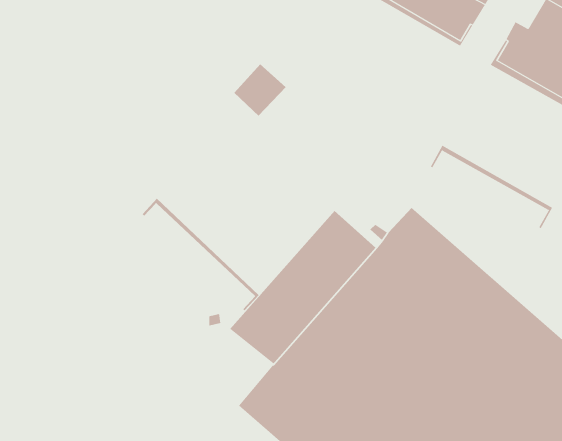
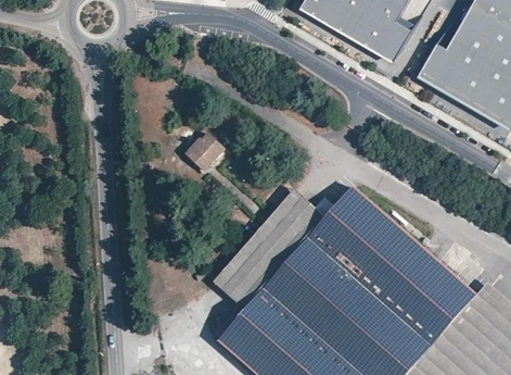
building: [233,64,287,117] -> [186,132,227,173]
building: [430,145,553,229] -> none
building: [142,198,260,311] -> none

